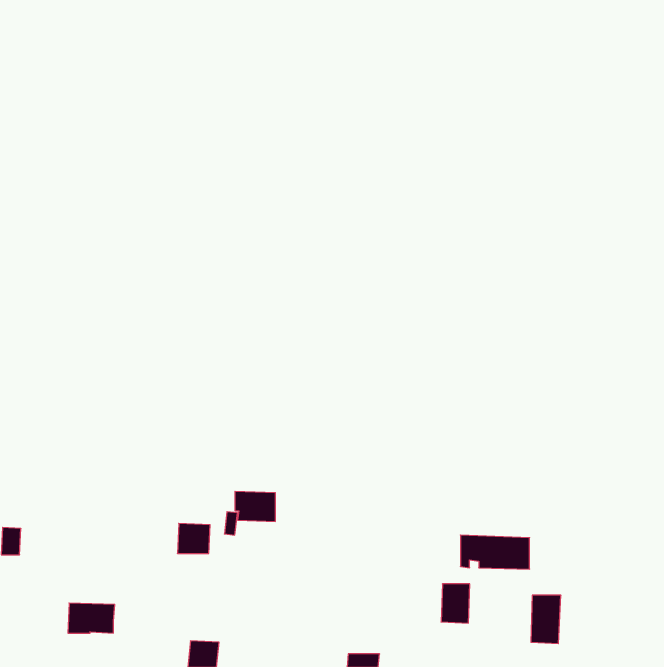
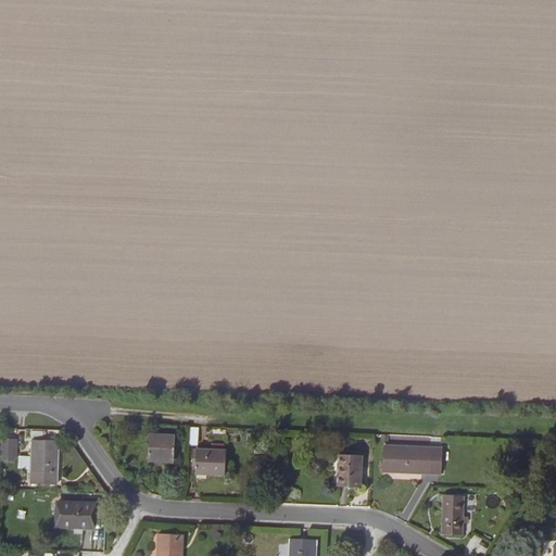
building: [235,491,275,521] -> [192,450,226,475]
building: none -> [29,440,58,483]
building: [441,584,470,623] -> [338,455,362,488]

